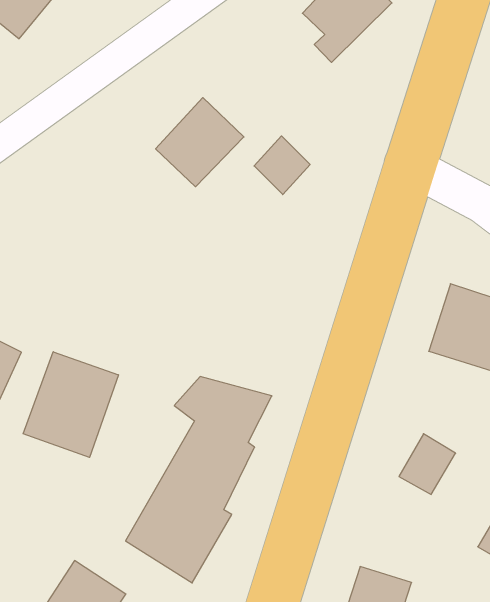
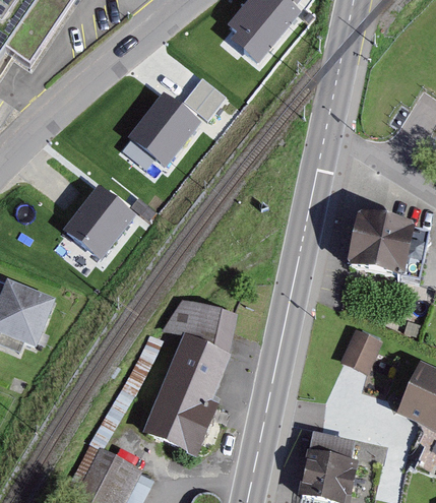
building: [254,136,310,195] -> [184,75,226,119]
building: none -> [67,188,131,255]
building: [23,352,118,457] -> none

